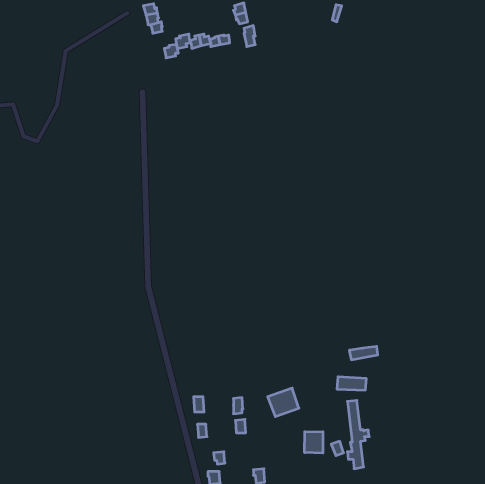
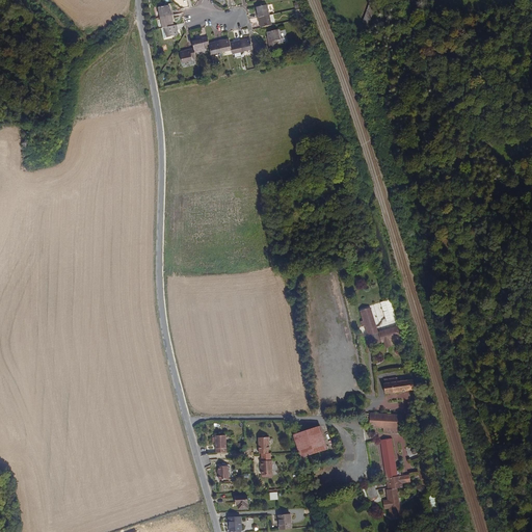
building: none -> [364,307,404,347]
building: [305,432,323,453] -> none

